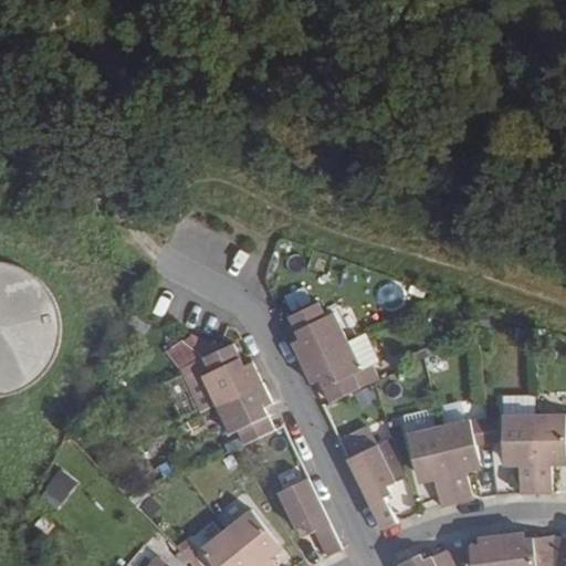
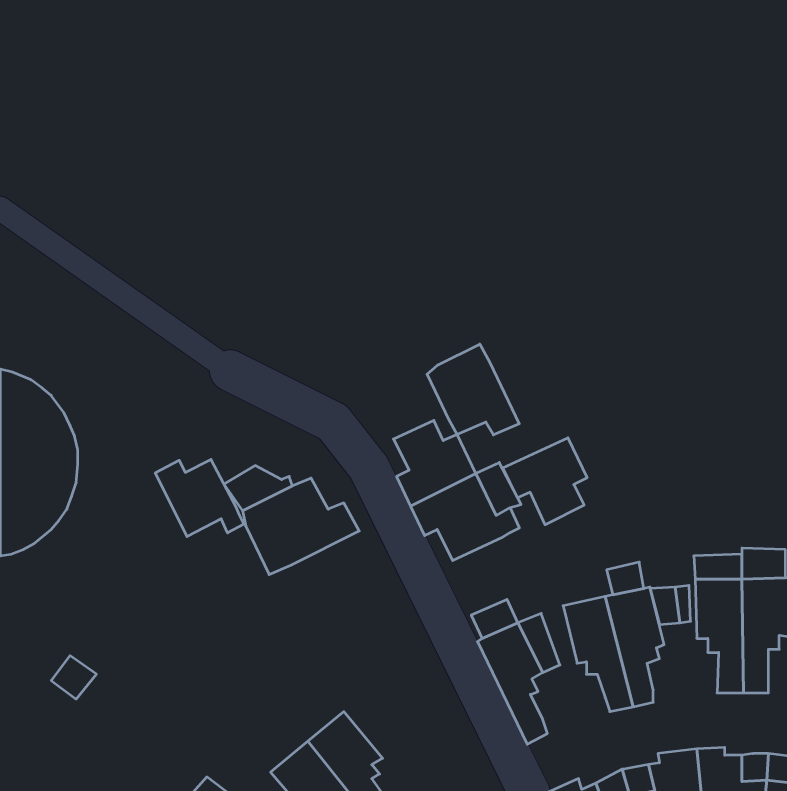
building: none -> [427,344,519,435]
building: none -> [503,438,587,525]
building: none -> [155,459,244,537]
building: [212,380,271,443] -> none
building: [277,476,343,558] -> none

